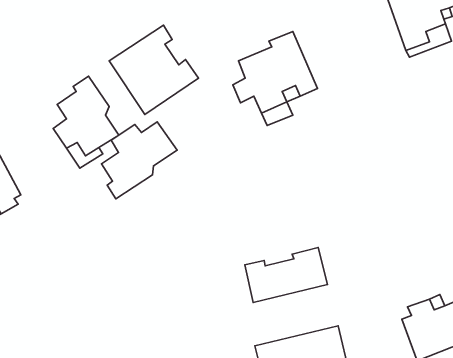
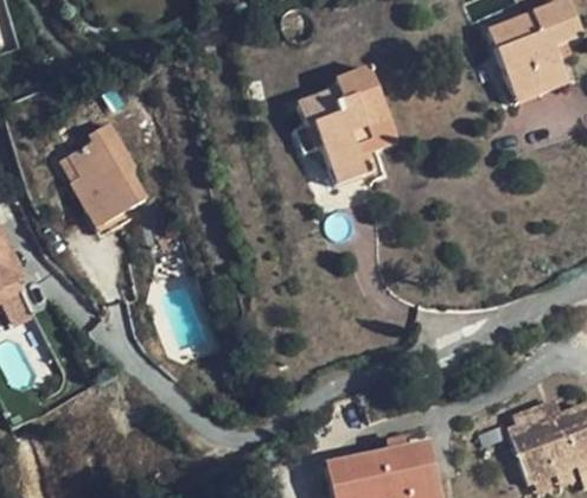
building: [109,25,199,114] -> none
building: [102,122,177,199] -> none
building: [245,248,327,302] -> none

